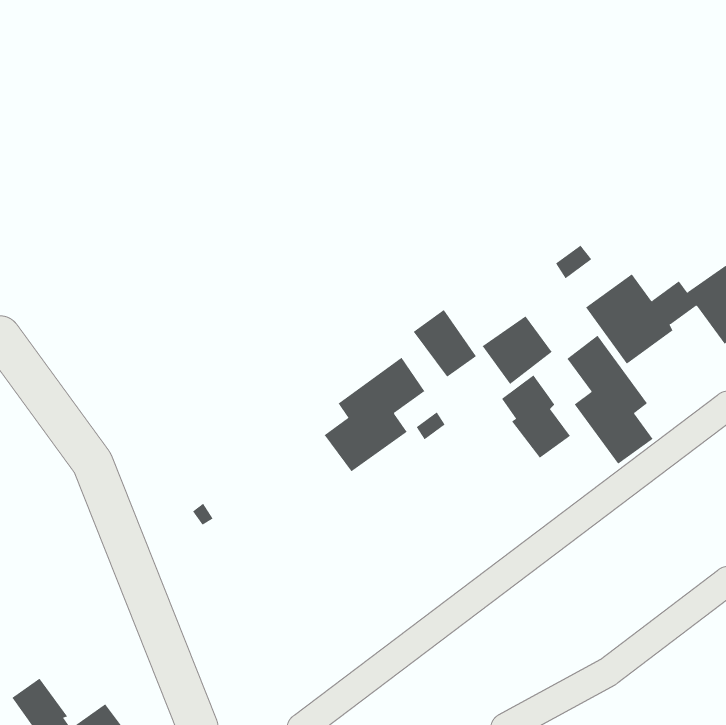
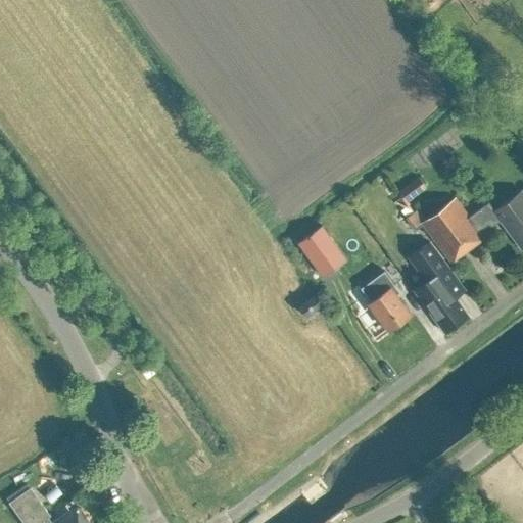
building: [482,316,552,385] -> none
building: [324,357,425,472] -> none

